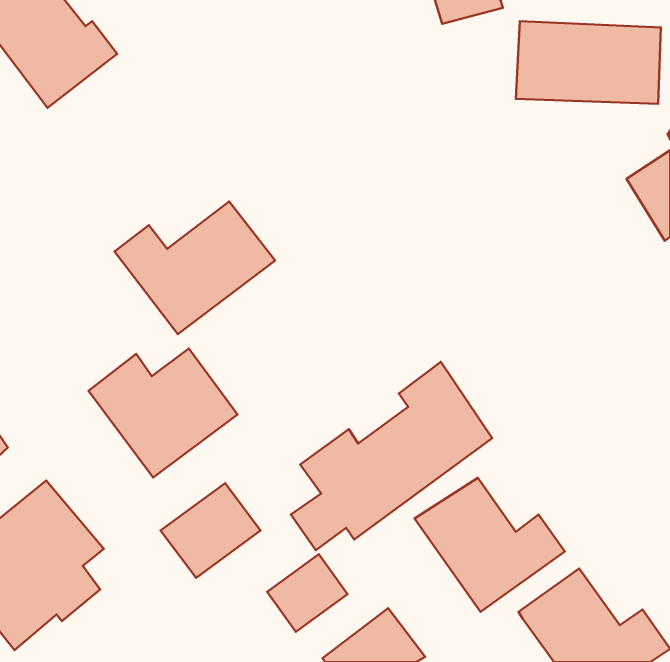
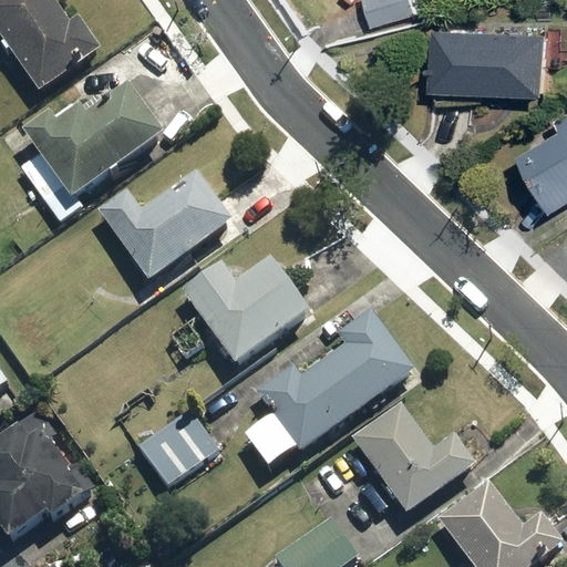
building: none -> [24,86,164,200]
building: [89,349,237,478] -> [182,258,307,367]
building: [267,554,347,632] -> none

